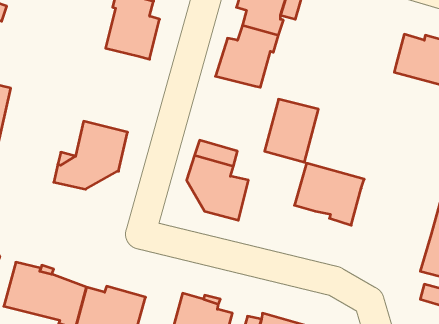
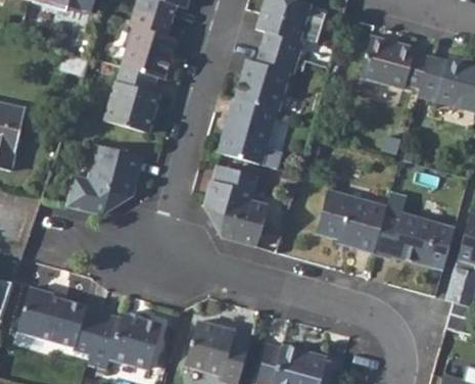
building: none -> [361,36,427,87]
building: none -> [105,70,159,134]
building: [265,99,318,162] -> [220,99,275,163]
building: none -> [373,210,453,267]

